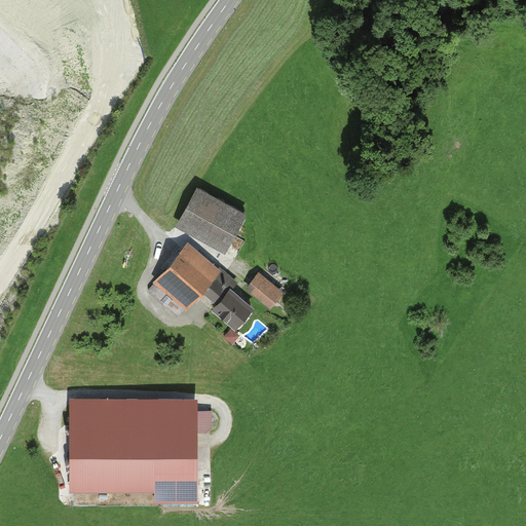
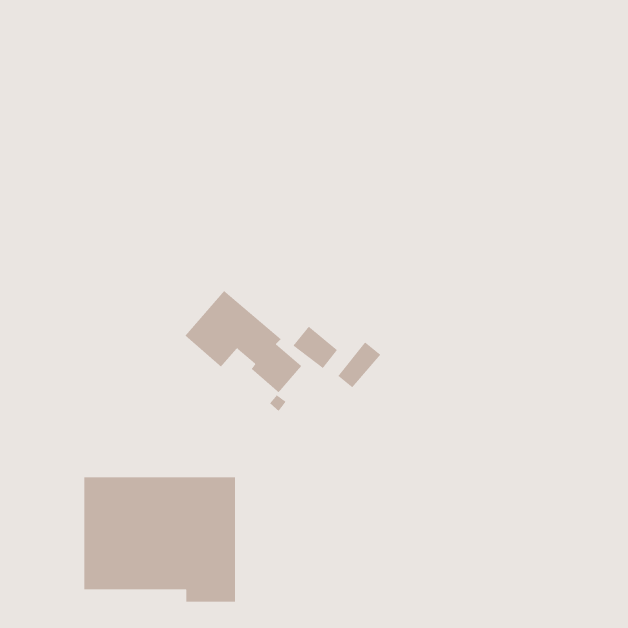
building: [176,187,245,251] -> none
building: none -> [337,341,381,388]

